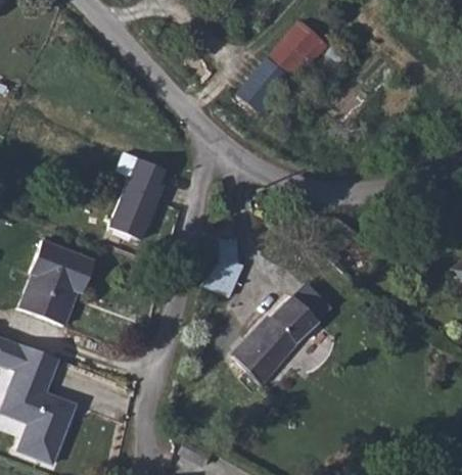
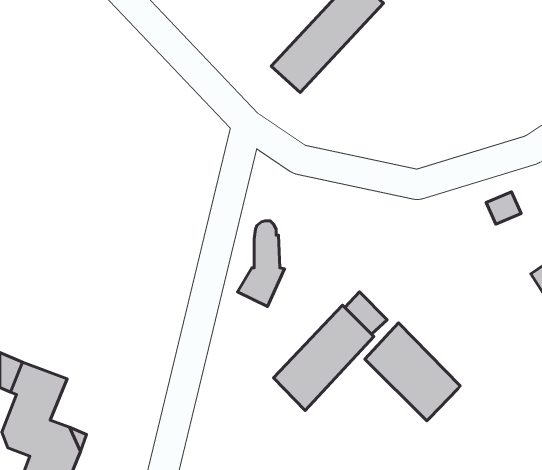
building: [107,157,169,241] -> none
building: [18,240,93,325] -> none
building: none -> [365,323,460,421]

